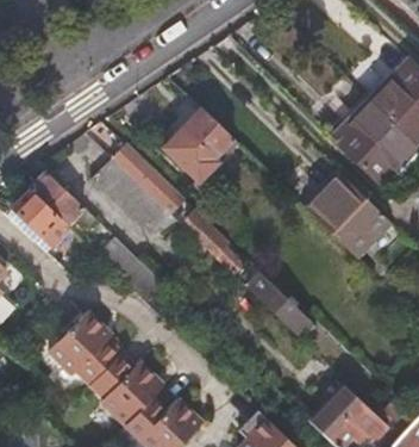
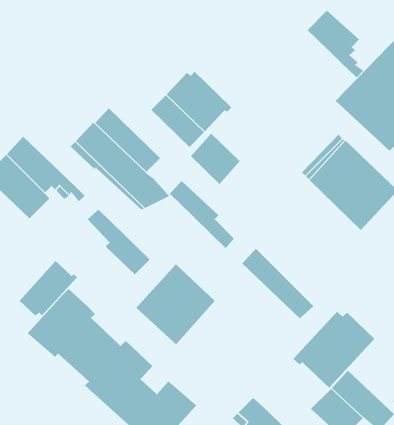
building: none -> [307,10,364,78]
building: none -> [190,133,240,185]
building: none -> [19,260,78,317]
building: none -> [136,263,215,345]
building: none -> [292,311,375,389]

